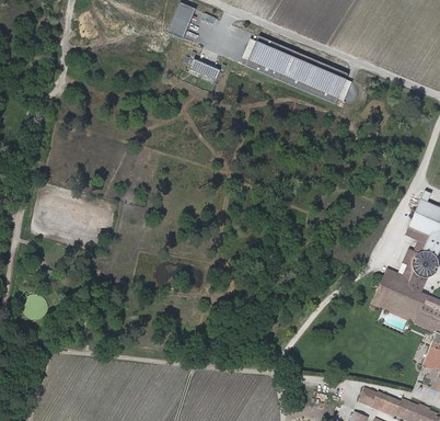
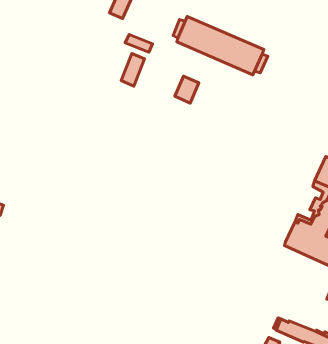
building: none -> [121,54,145,86]
building: none -> [175,76,199,103]

